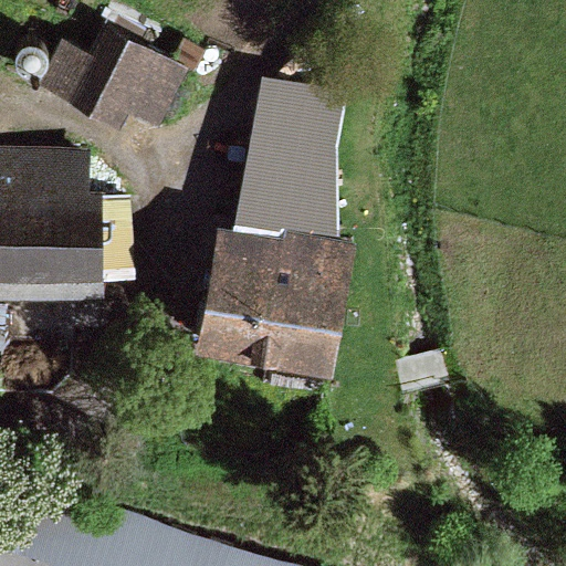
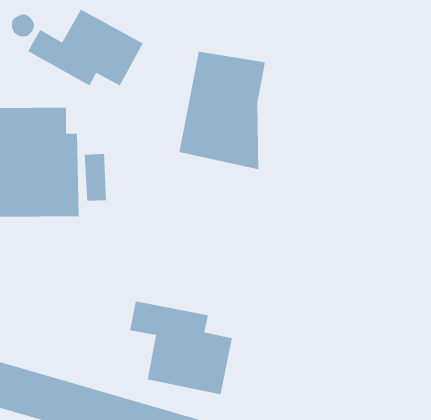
building: [193,226,355,373] -> none
building: none -> [129,300,233,395]

